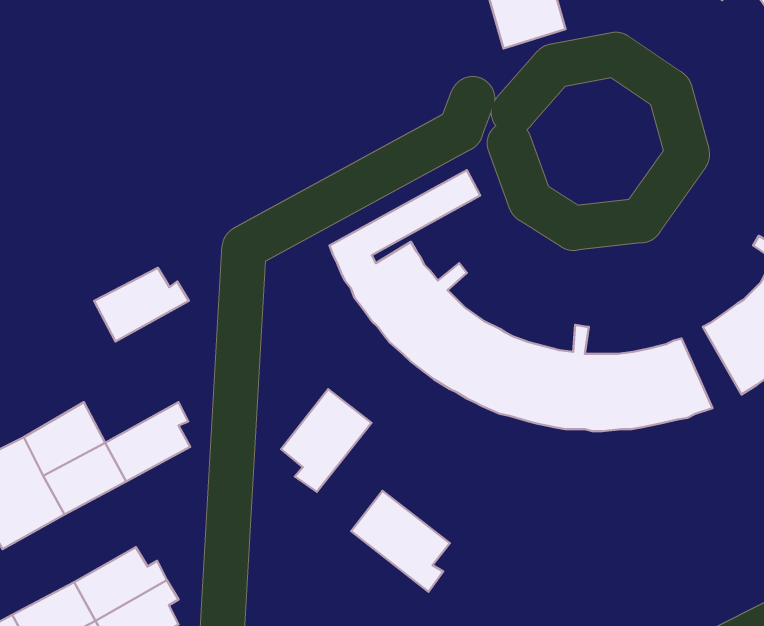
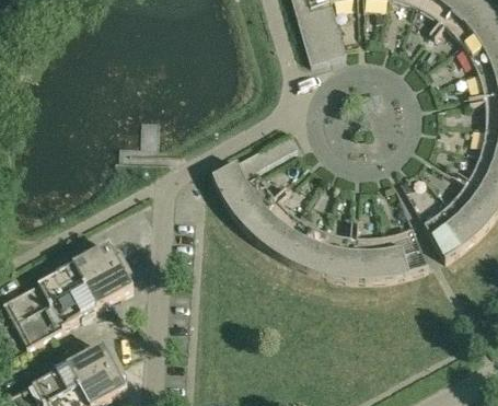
building: [94,268,189,341] -> [72,245,126,287]
building: [281,389,372,492] -> none
building: [351,491,450,592] -> none

